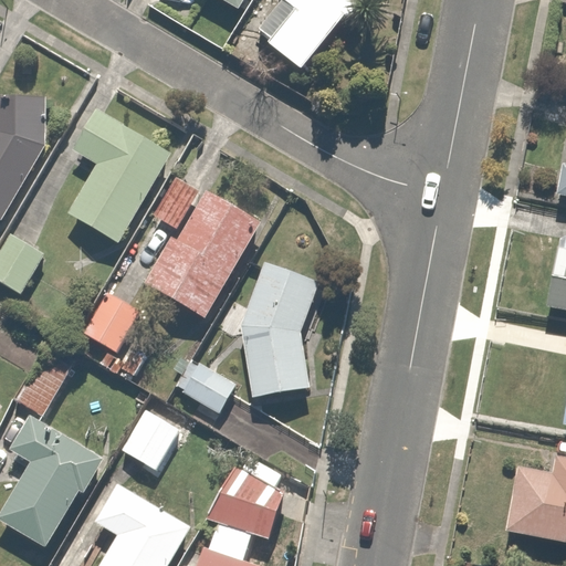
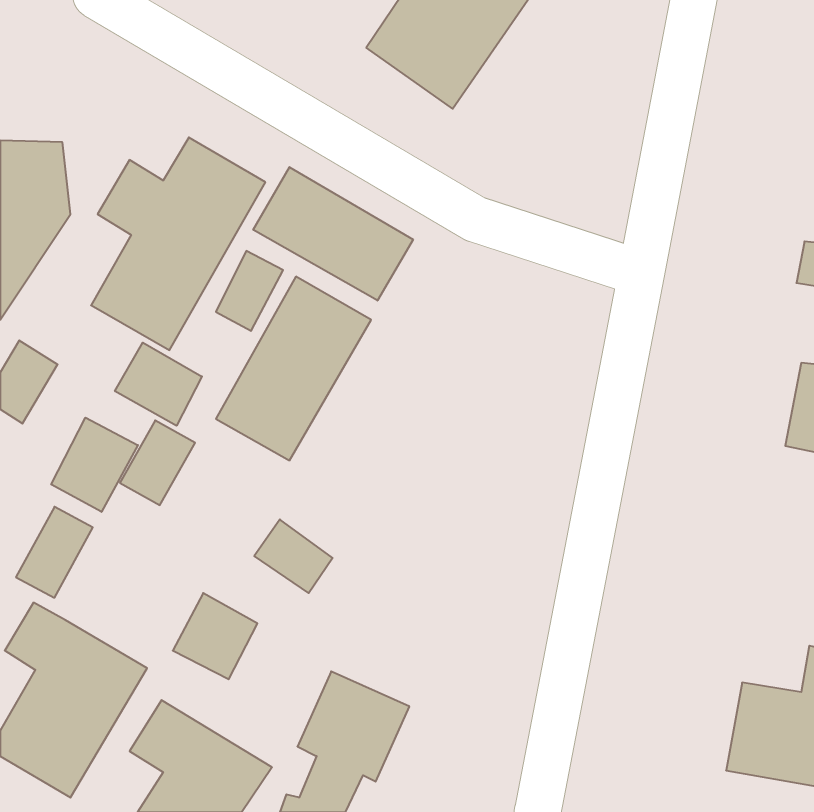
building: none -> [253,167,413,301]
building: none -> [115,343,202,426]
building: [240,262,318,398] -> none
building: none -> [51,418,138,512]

